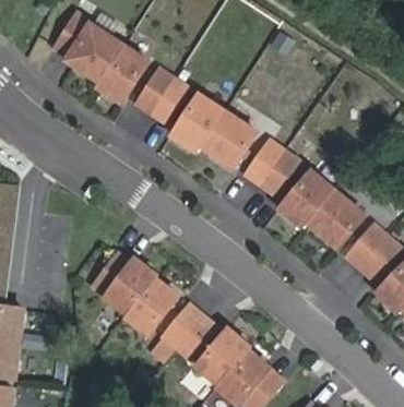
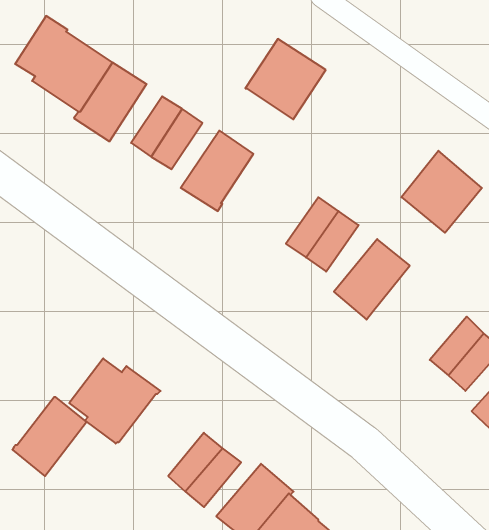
building: [198,109,254,166] -> [245,39,326,119]
building: [305,188,361,246] -> [401,151,482,233]
building: [122,278,175,334] -> [12,397,87,476]

